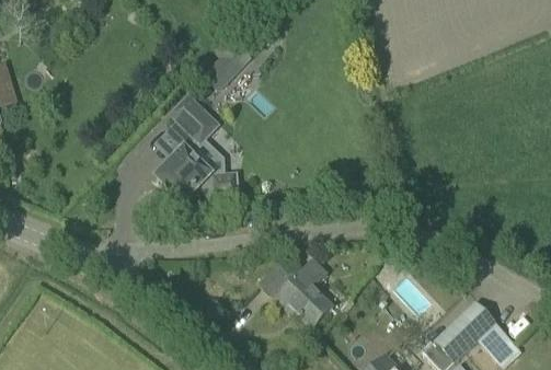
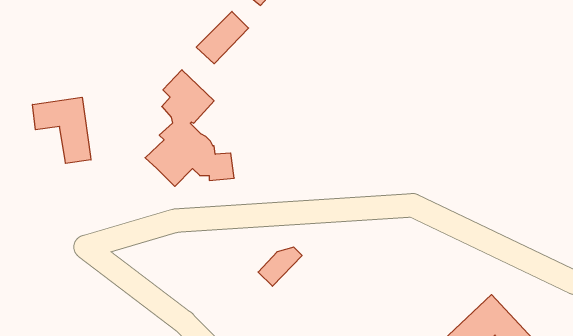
building: none -> [33,97,91,163]
building: [276,259,332,327] -> none

